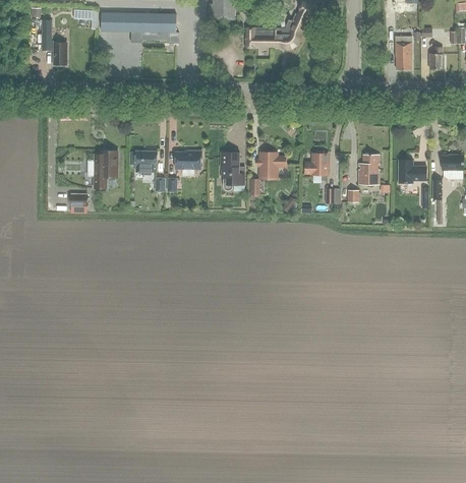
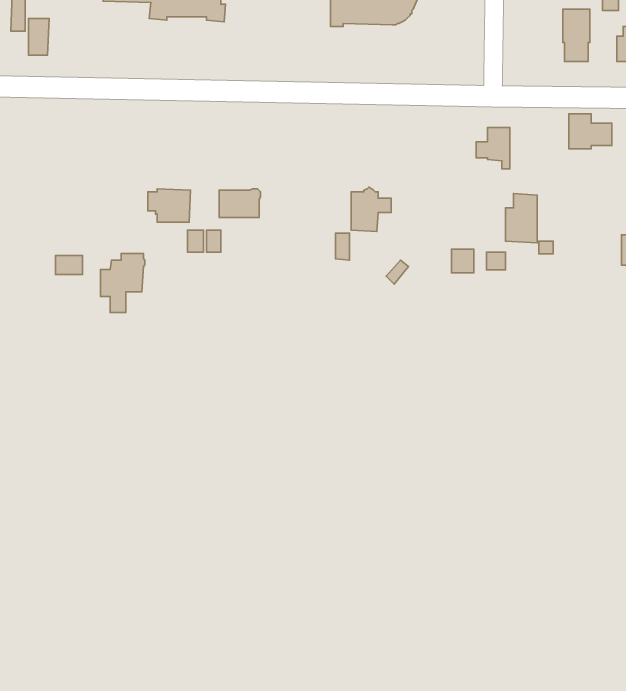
building: [89,149,117,187] -> [100,254,145,312]
building: [220,150,244,191] -> none
building: [305,153,327,179] -> [476,128,510,169]
building: [398,159,425,181] -> [569,114,612,149]

